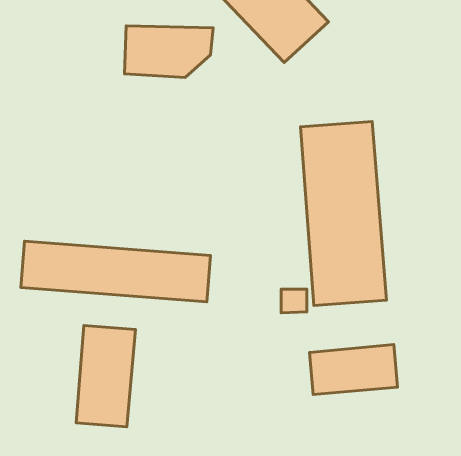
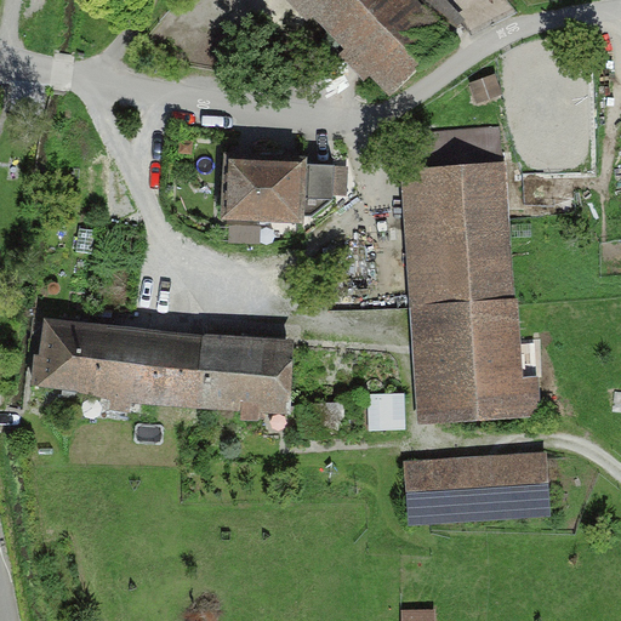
building: [124,26,213,78] -> [218,154,337,223]
building: [76,325,136,427] -> none

